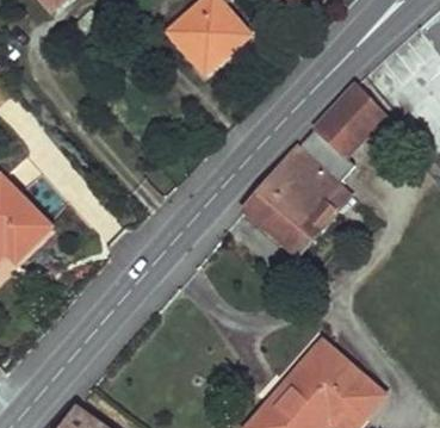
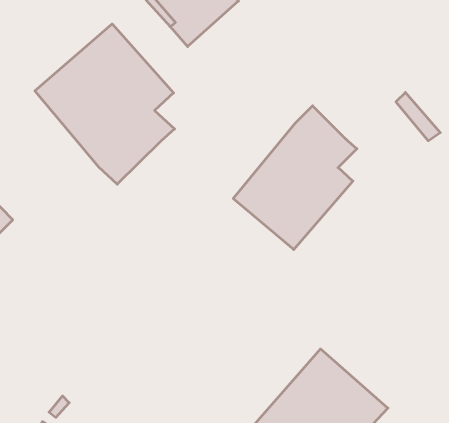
building: none -> [35,24,175,184]
building: [316,81,386,155] -> none

